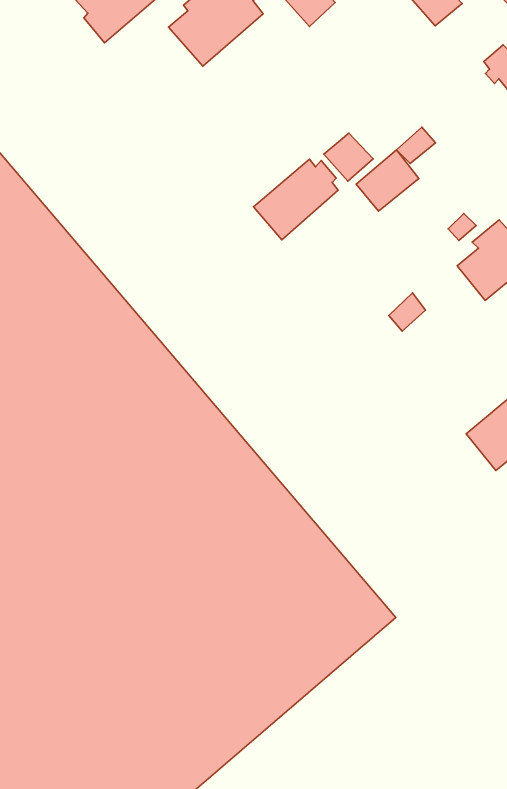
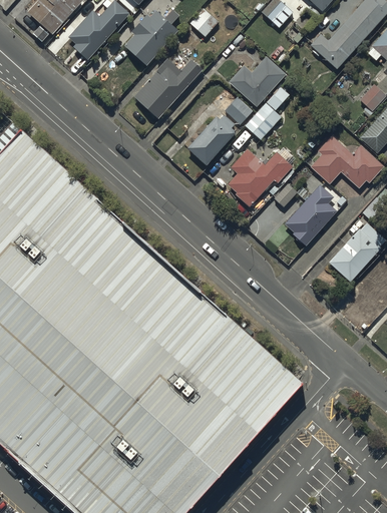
building: none -> [133,58,202,117]
building: none -> [229,57,285,107]
building: none -> [227,149,291,207]
building: none -> [283,187,335,247]

